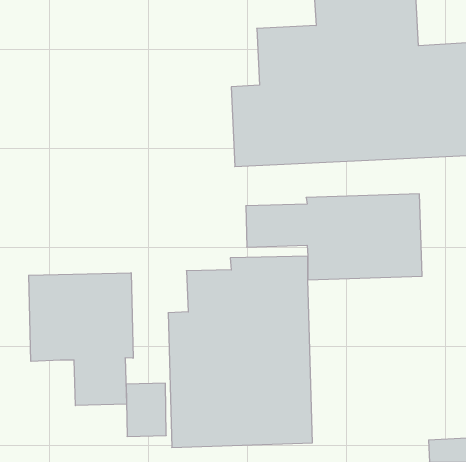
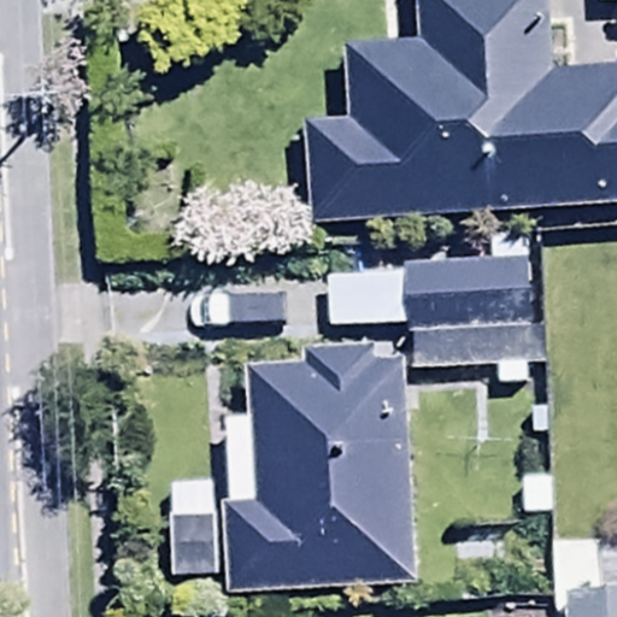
building: [29,273,133,406] -> none

